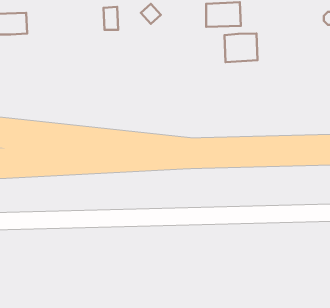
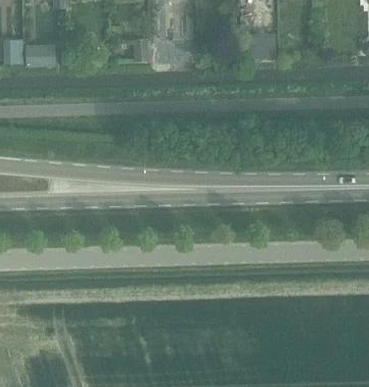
building: [225,33,258,62] -> none

